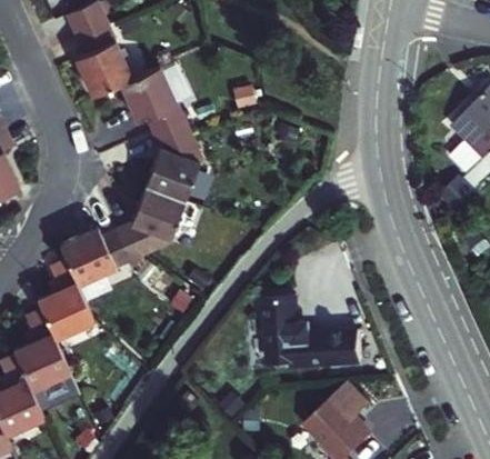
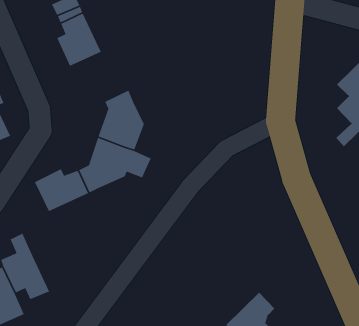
building: [109,70,179,139] -> none
building: [34,259,92,341] -> none
building: [281,302,379,371] -> none

